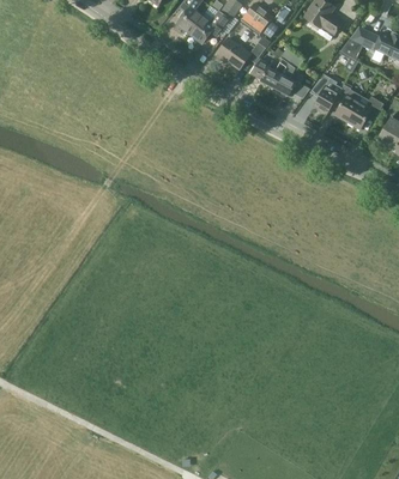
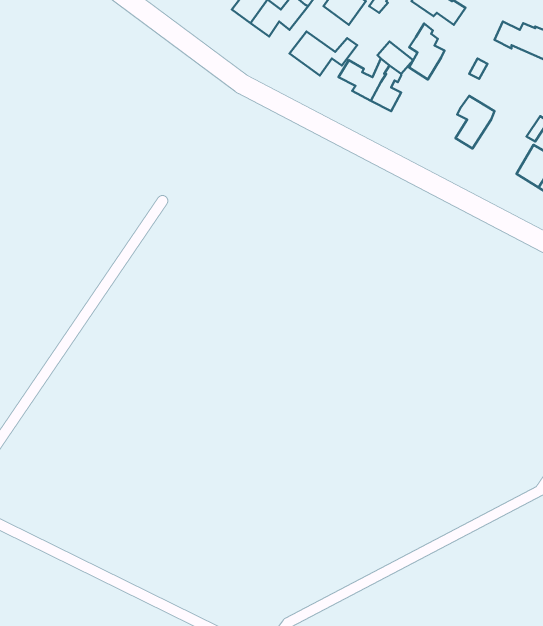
building: [313,73,338,113] -> [409,24,445,79]
building: [346,96,382,128] -> none

